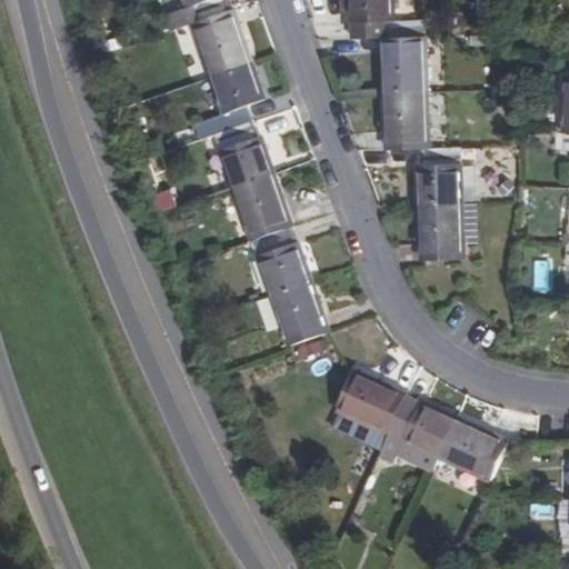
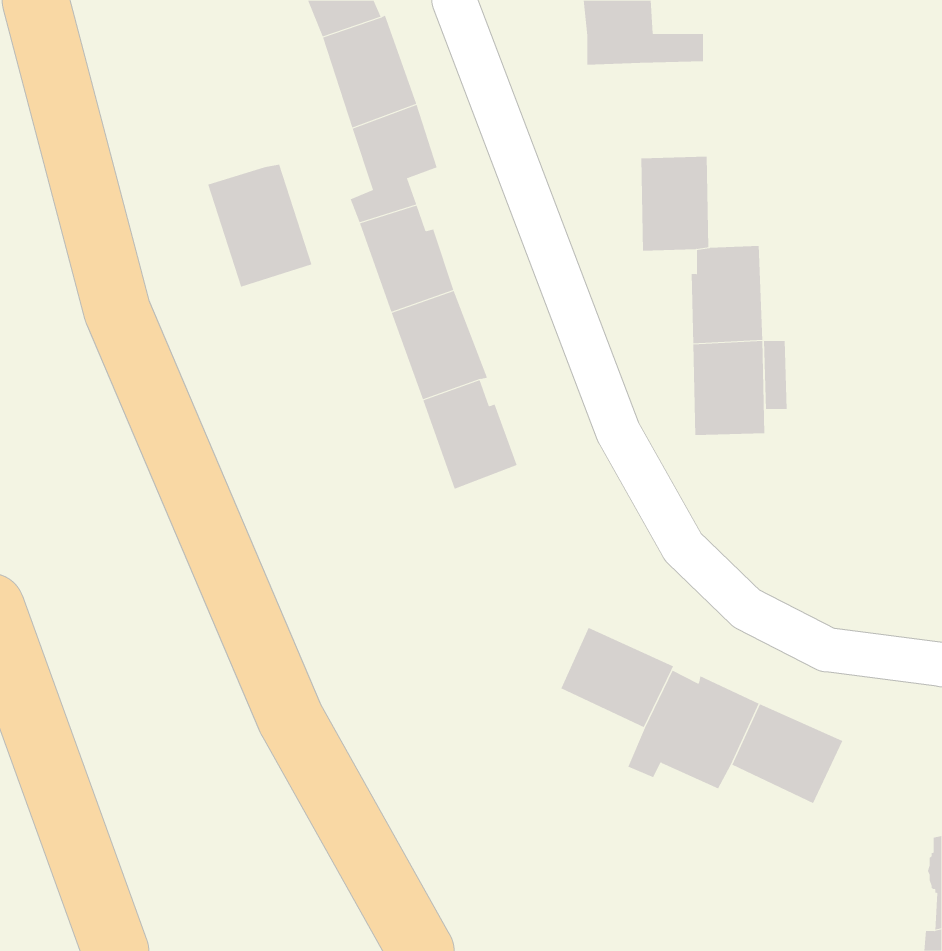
building: [380,37,422,94] -> none
building: none -> [207,164,312,287]
building: [271,278,328,345] -> none

